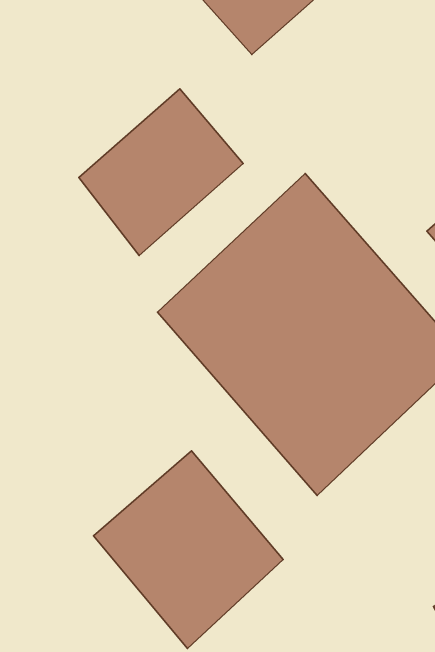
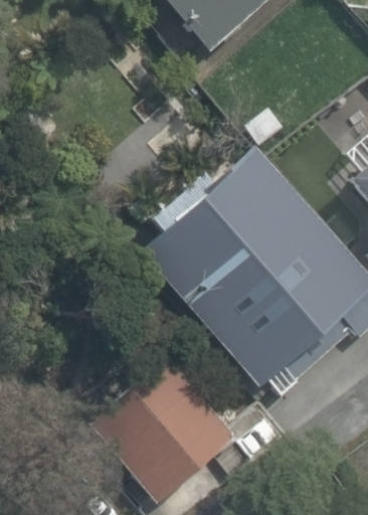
building: [79,89,243,255] -> none

